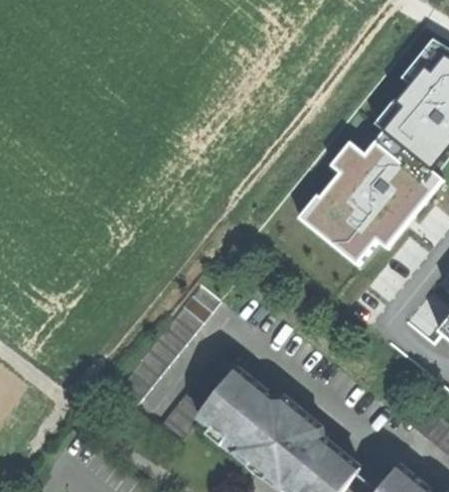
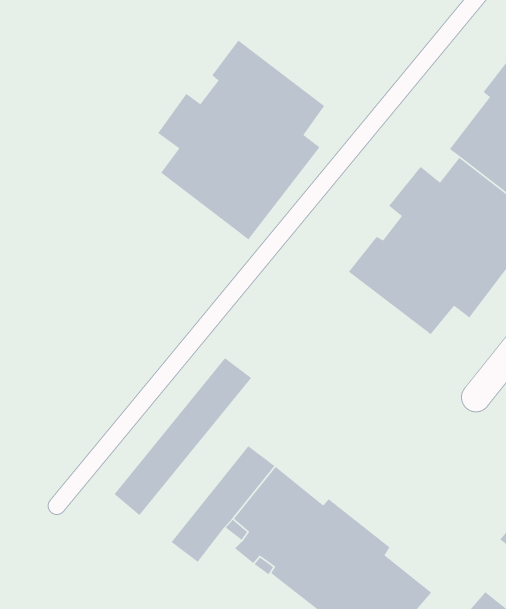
building: none -> [157,39,325,240]

